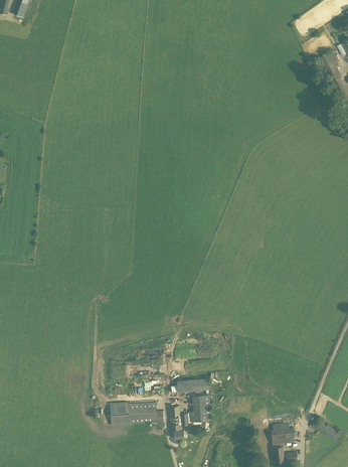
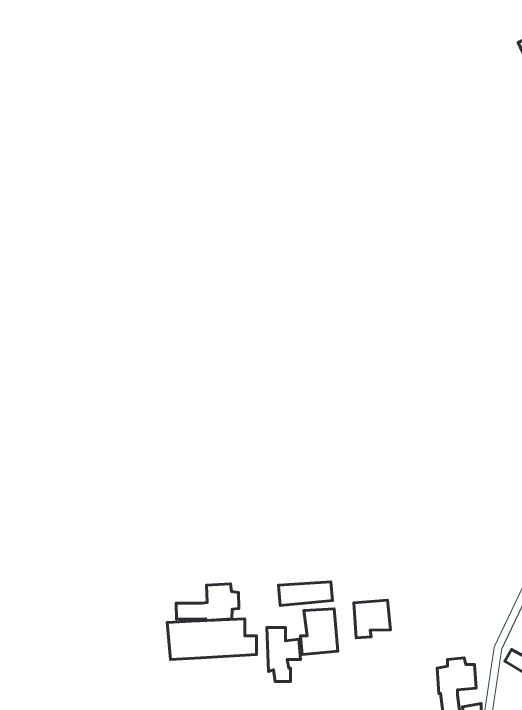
building: none -> [176,584,239,620]
building: none -> [354,600,391,638]

